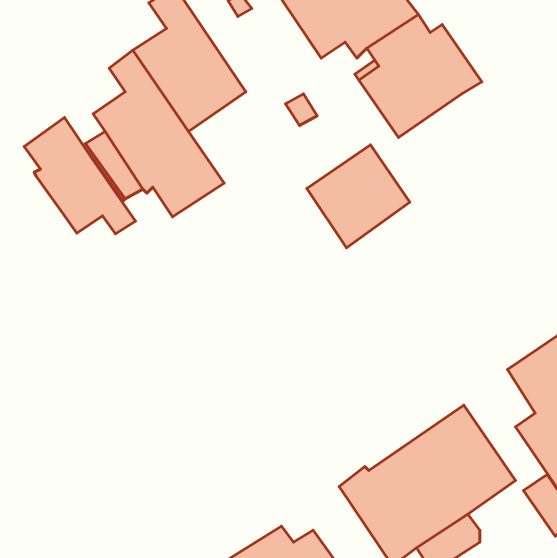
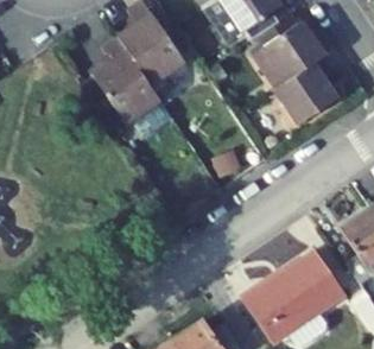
building: [24,118,136,234] -> none
building: [307,145,410,248] -> [275,63,337,125]

